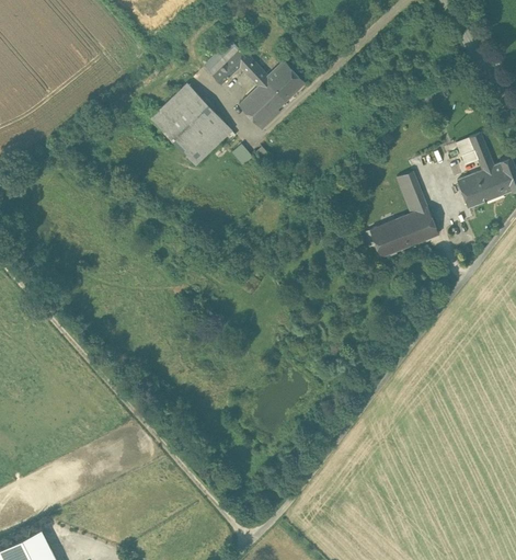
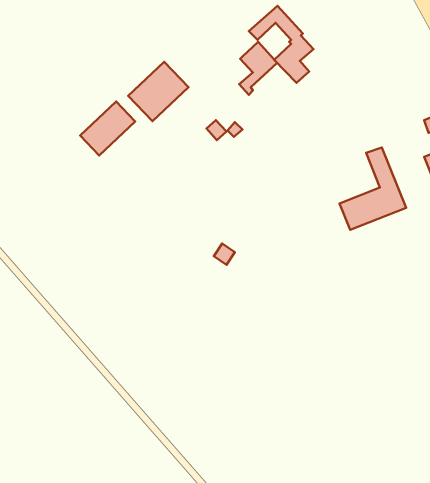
building: [213,49,279,129] -> [249,6,313,83]
building: [175,110,232,165] -> [80,102,135,155]

